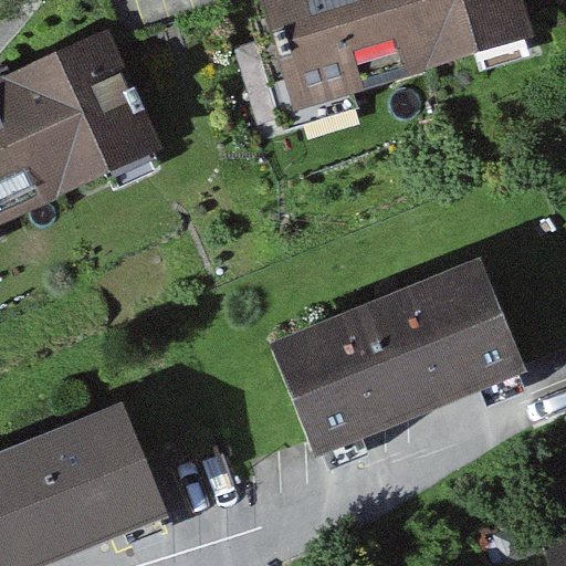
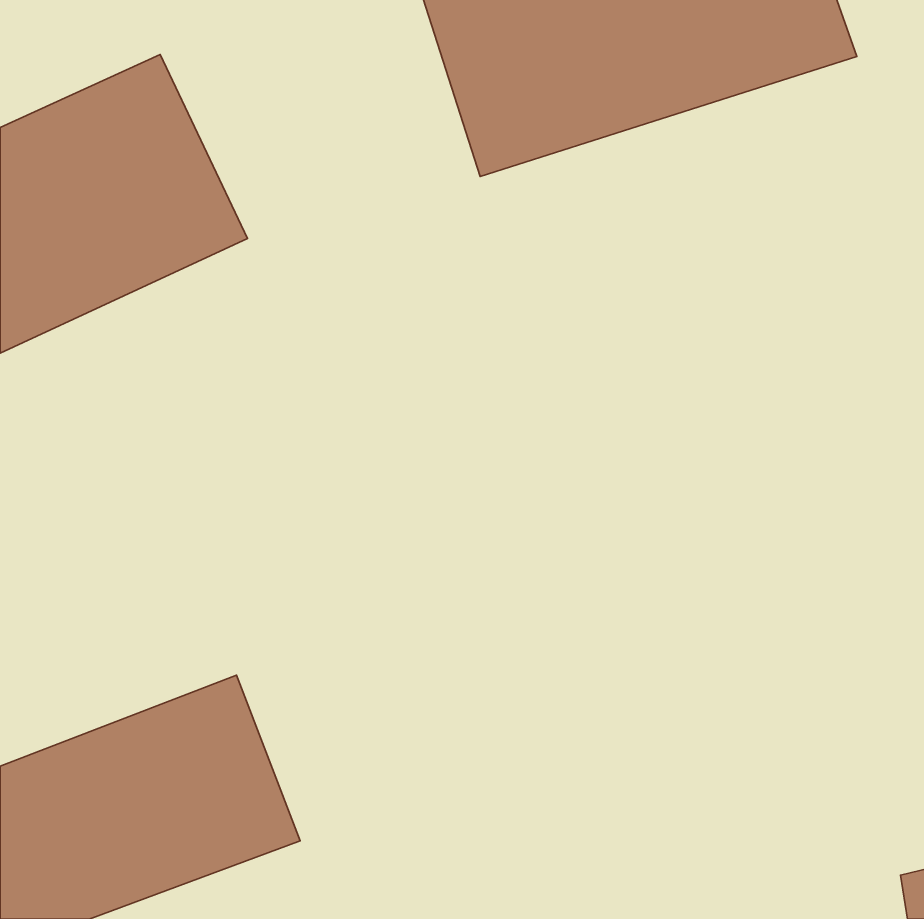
building: [269,270,515,450] -> none

